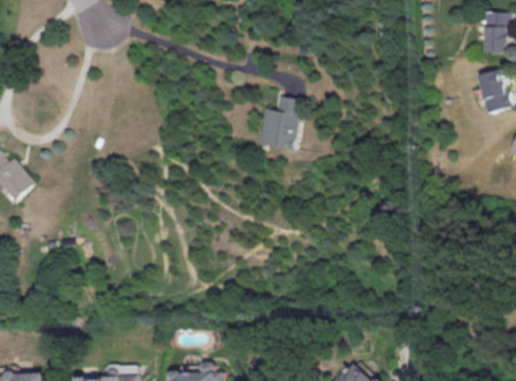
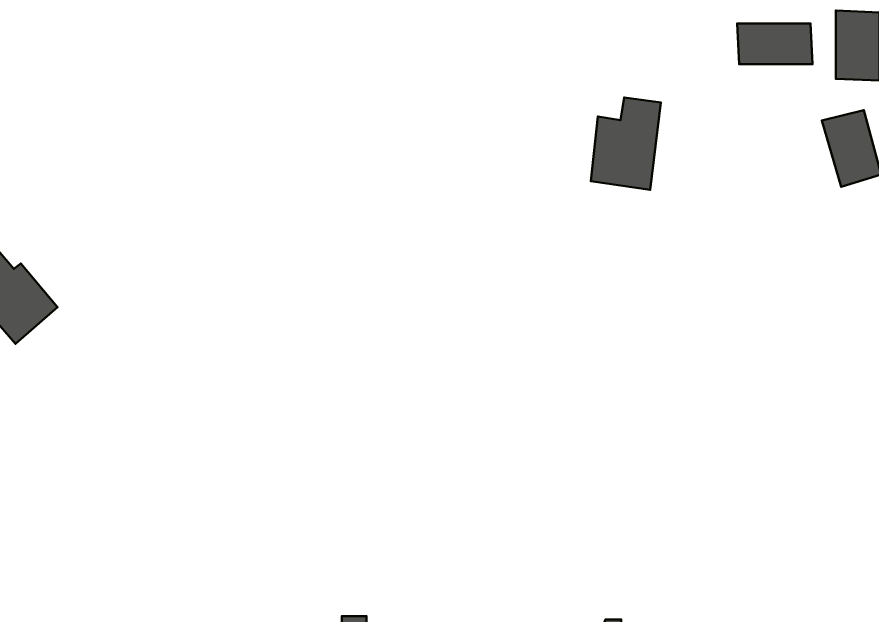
building: none -> [737,23,812,64]
building: [259,96,299,149] -> [591,97,661,190]

